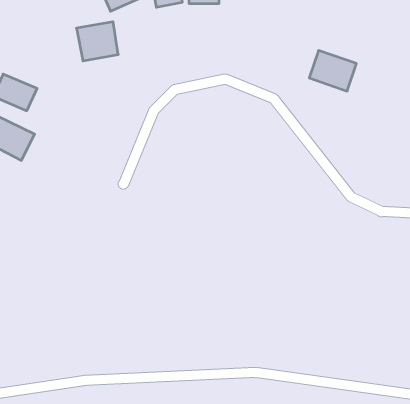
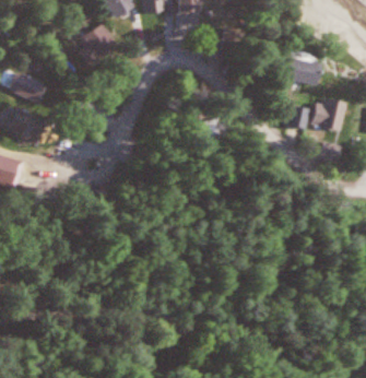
building: none -> [288,95,349,133]

